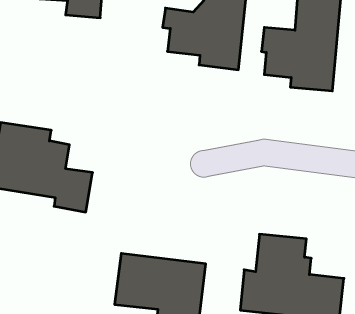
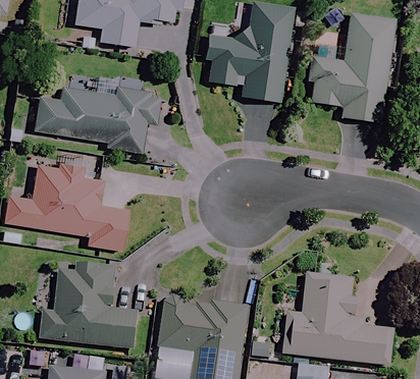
building: none -> [35,82,160,152]
building: none -> [40,263,138,348]

